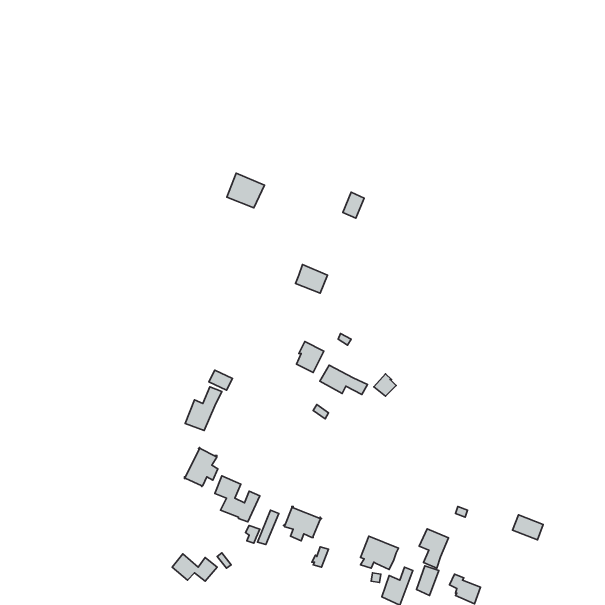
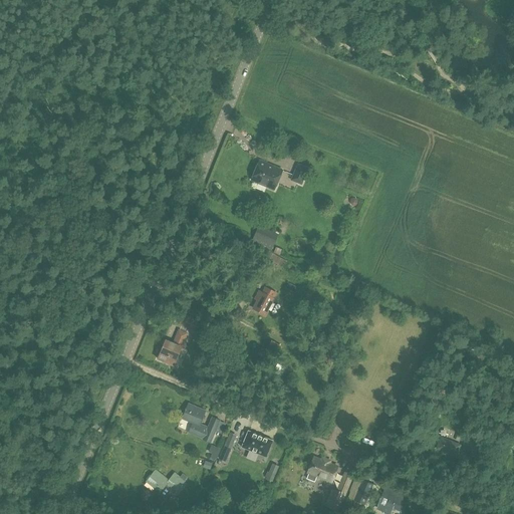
building: [227,173,265,208] -> [250,160,282,189]
building: [320,365,368,395] -> none
building: [184,448,218,486] -> none
building: [419,529,449,568] -> none

